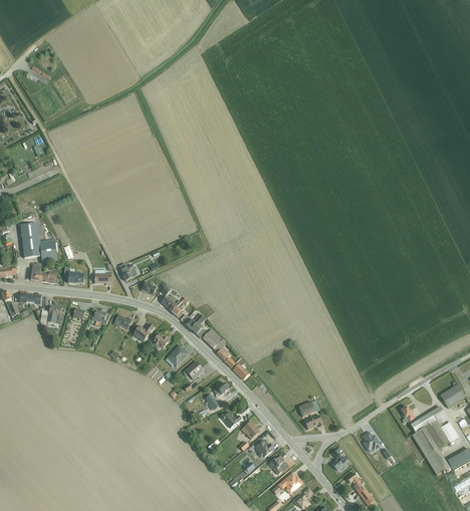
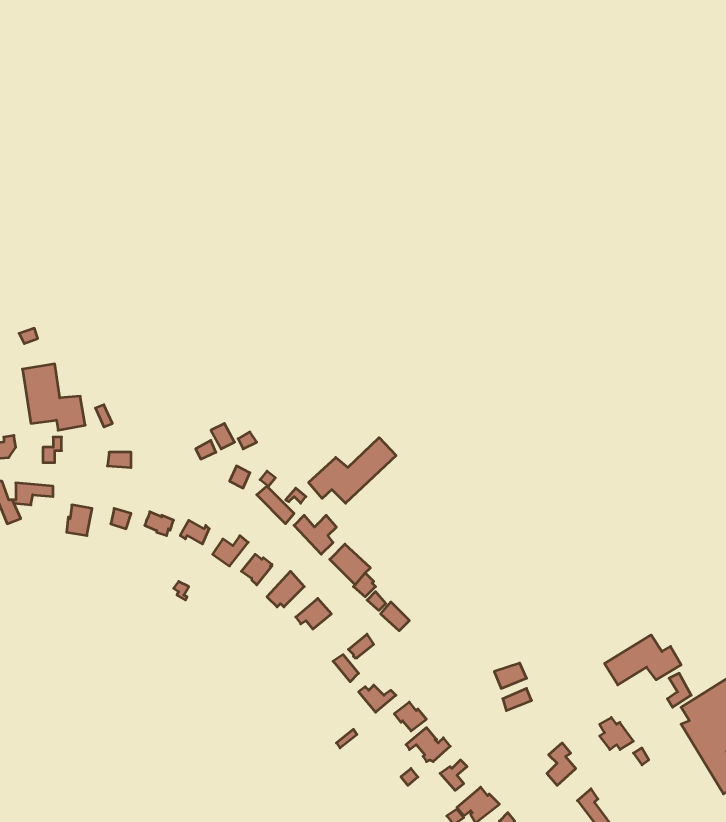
building: none -> [309,438,396,503]
building: none -> [605,635,681,685]

